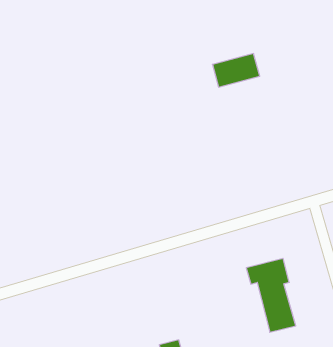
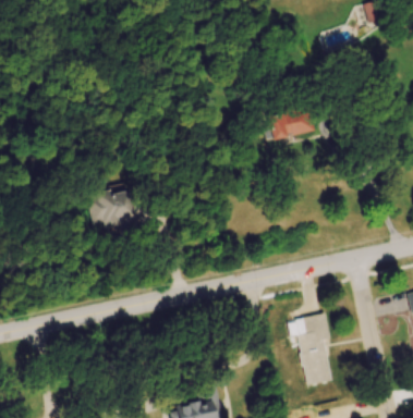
building: none -> [92,189,139,230]

